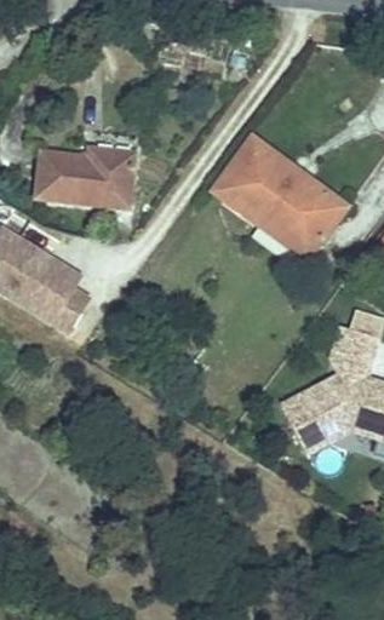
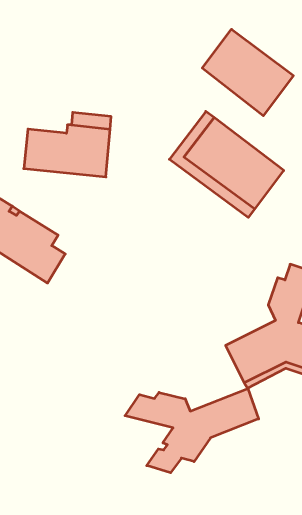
building: none -> [202,29,293,116]
building: none -> [125,388,259,473]

